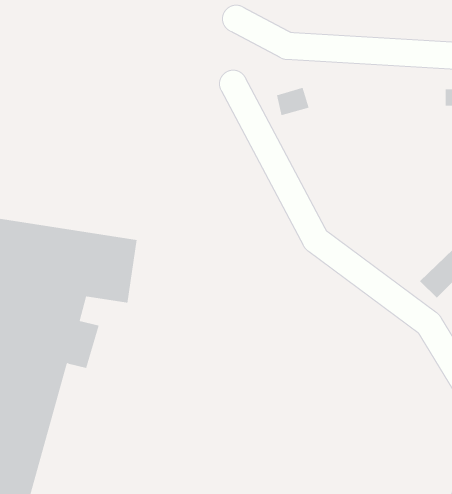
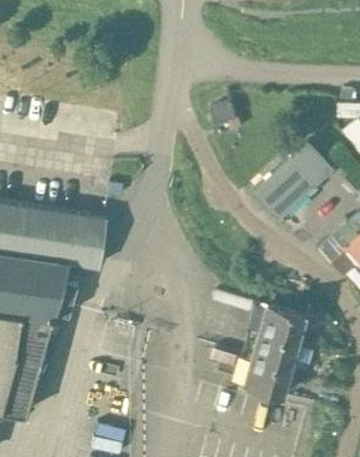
building: none -> [255,147,334,224]
building: none -> [246,307,308,399]

